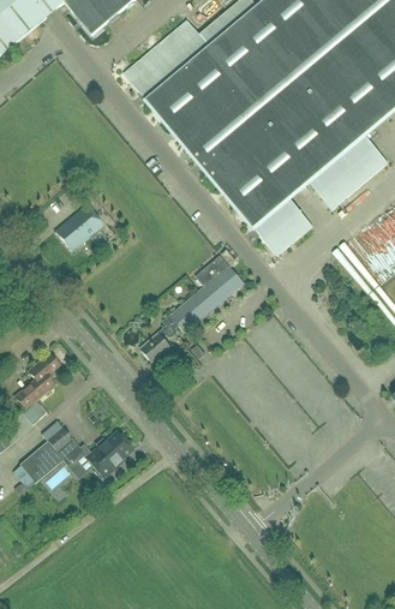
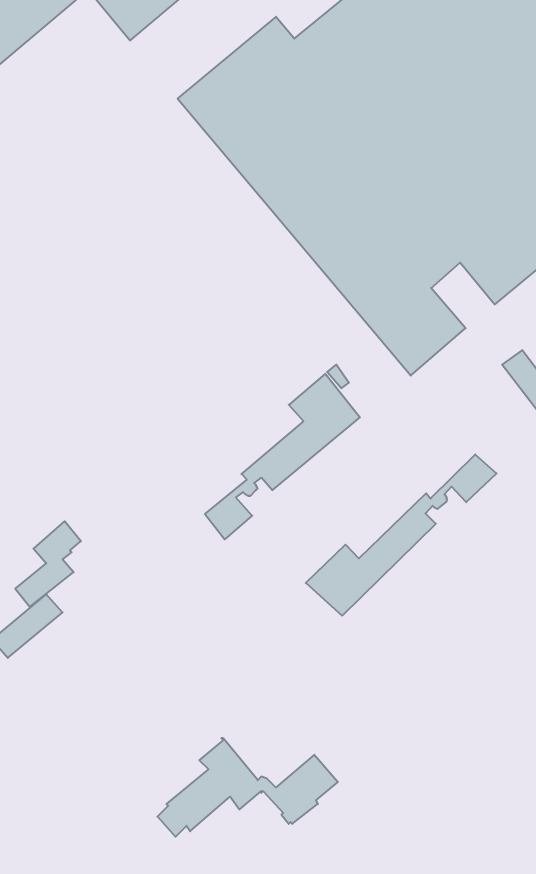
building: [54,202,102,249] -> none
building: none -> [306,454,497,616]
building: [13,419,132,484] -> [157,738,338,837]

